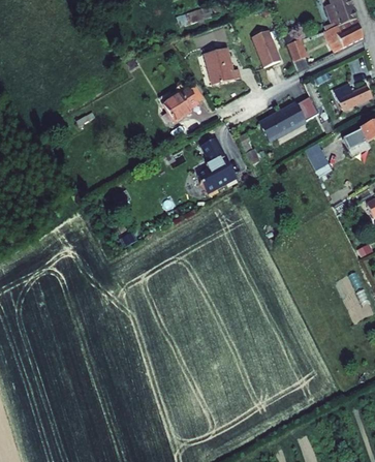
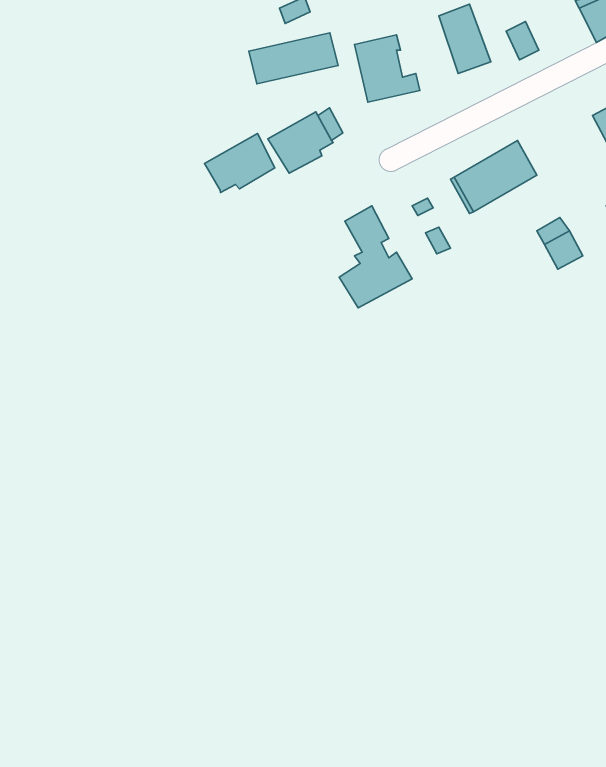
building: none -> [249,33,338,84]
building: none -> [204,134,275,193]

